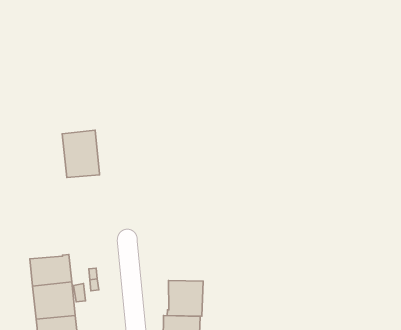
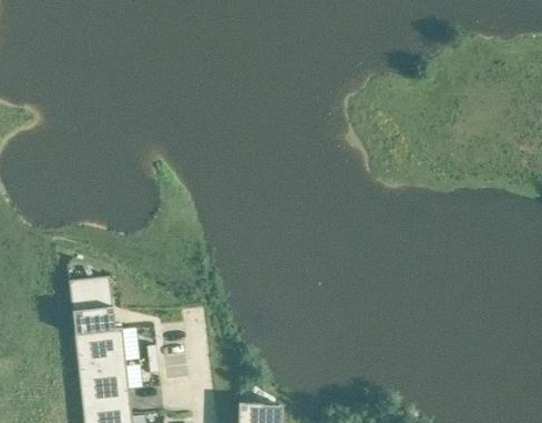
building: [62,130,100,178] -> [70,276,115,334]
building: [167,280,203,316] -> none

